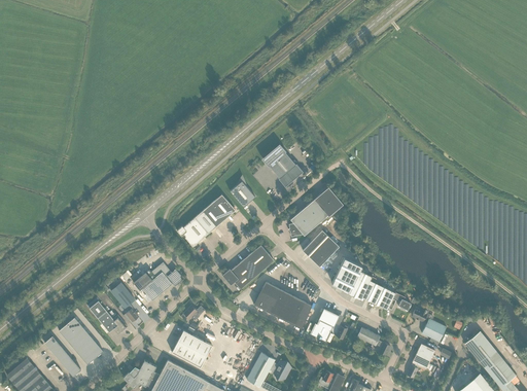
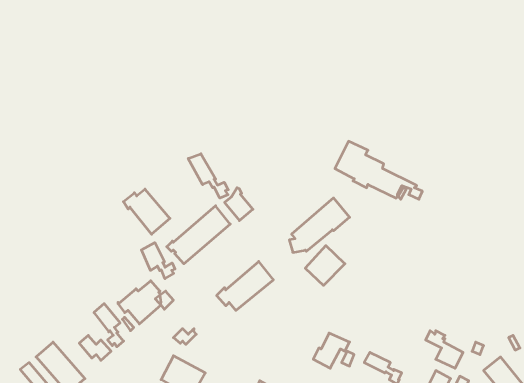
building: [264,146,302,186] -> none
building: none -> [188,154,228,198]
building: none -> [123,189,170,234]
building: none -> [141,243,175,279]
building: [331,258,411,311] -> [335,141,422,199]
building: [253,282,312,329] -> none

